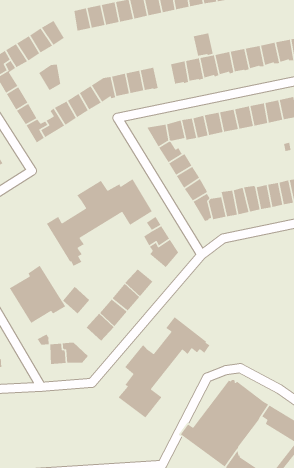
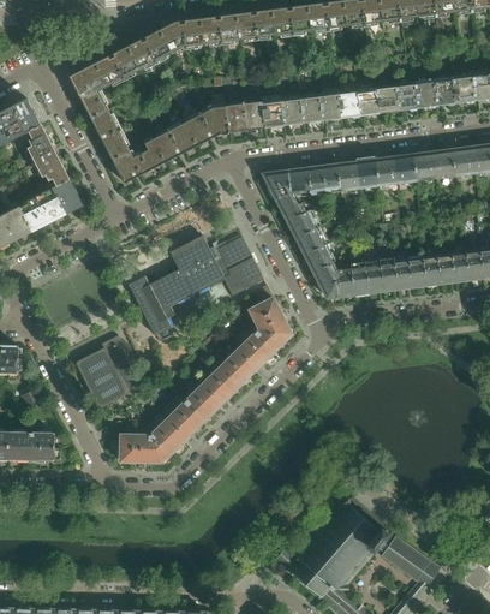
building: [193,33,213,57] -> [279,96,303,125]
building: [38,64,61,91] -> [159,20,186,54]
building: none -> [239,332,274,366]
building: [62,286,90,315] -> [151,417,186,453]
building: [118,316,210,419] -> none

